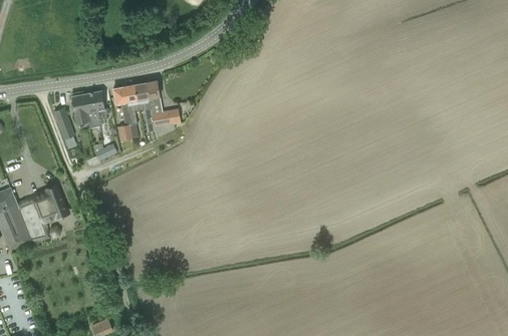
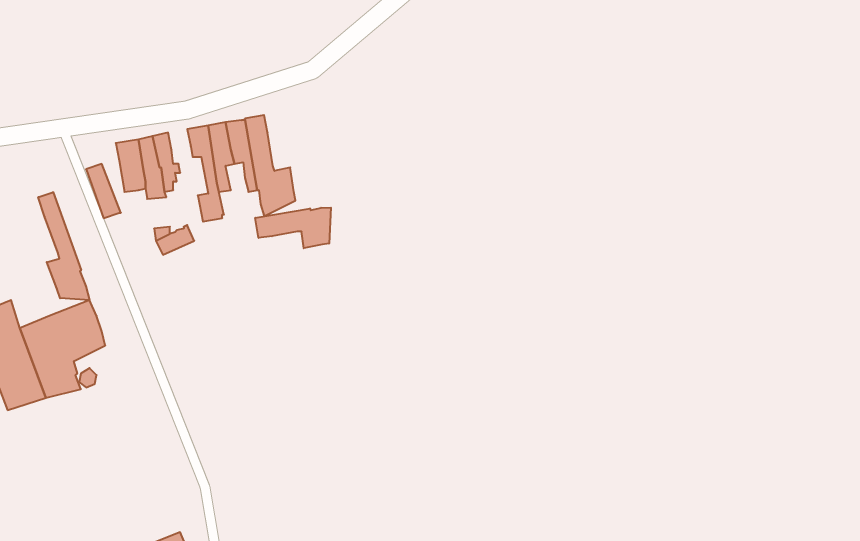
building: none -> [38,192,90,300]
building: none -> [255,208,331,248]

